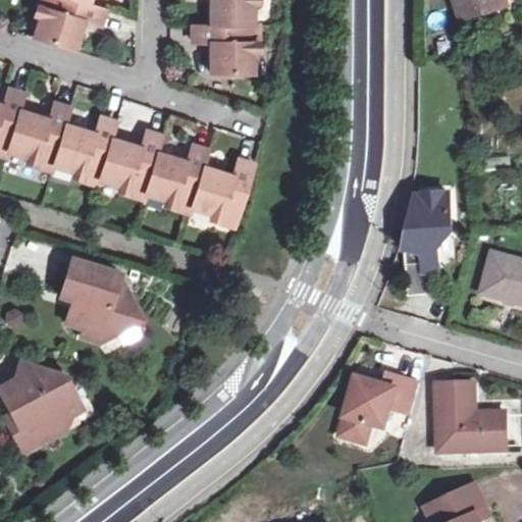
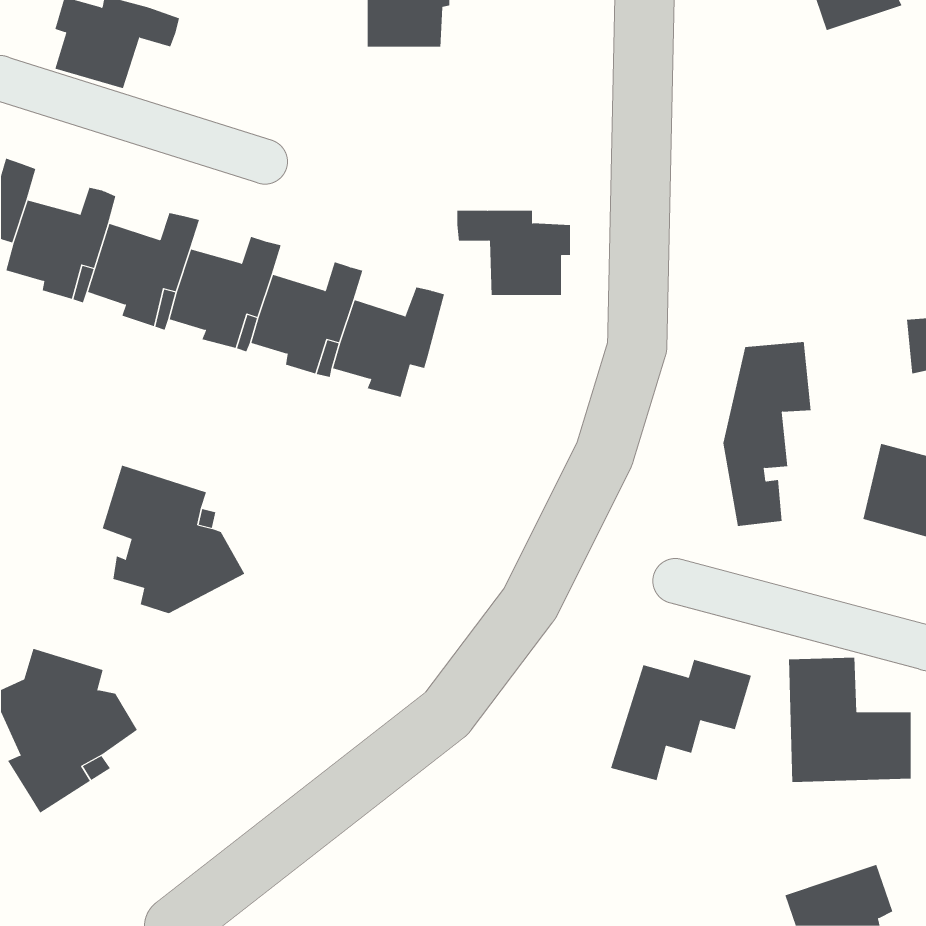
building: [190,27,254,74] -> [456,210,571,296]

